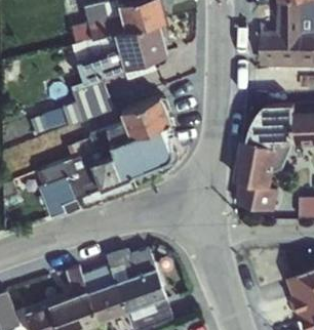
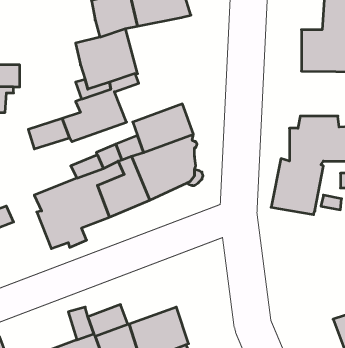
building: [111,23,166,70] -> none
building: [237,183,281,209] -> none
building: [105,249,154,281] -> none

